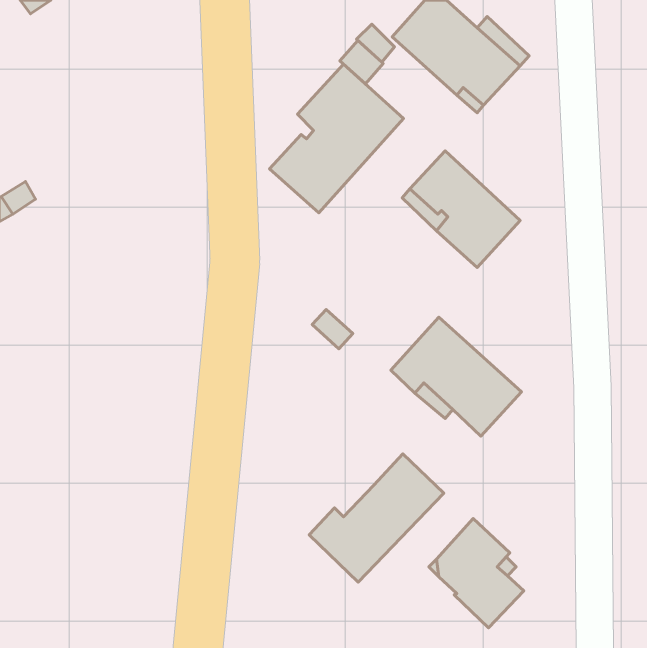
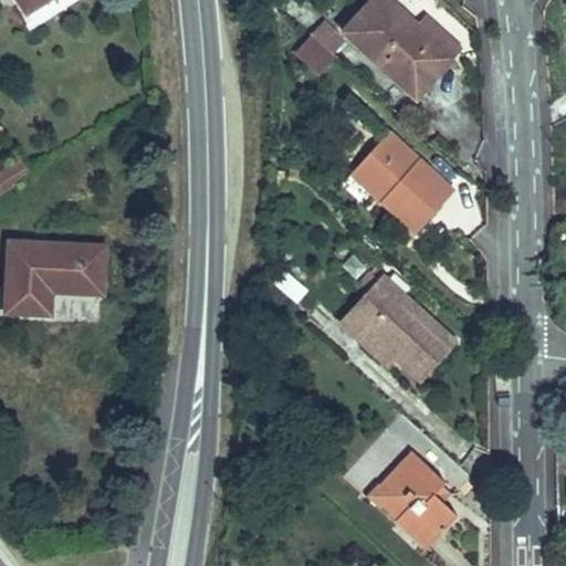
building: [269,64,403,213] -> none
building: none -> [6,242,104,314]
building: [309,454,444,582] -> none

